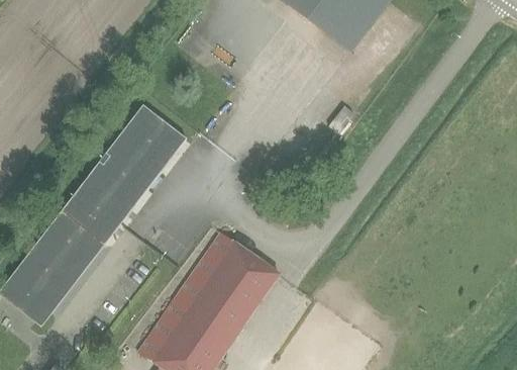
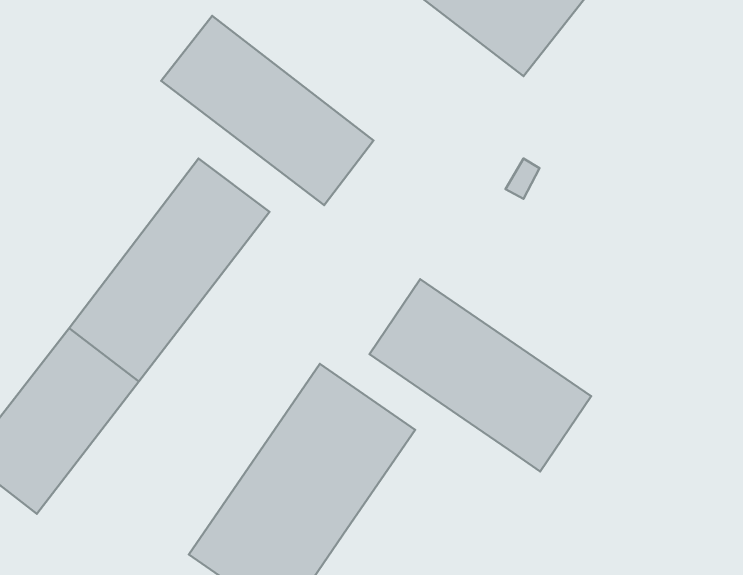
building: none -> [161,16,374,205]
building: none -> [369,279,591,471]

